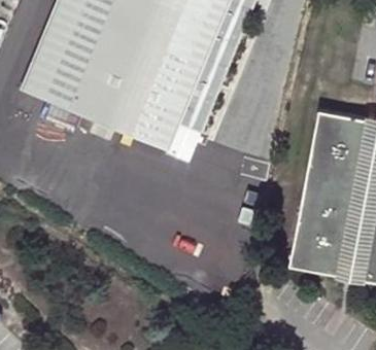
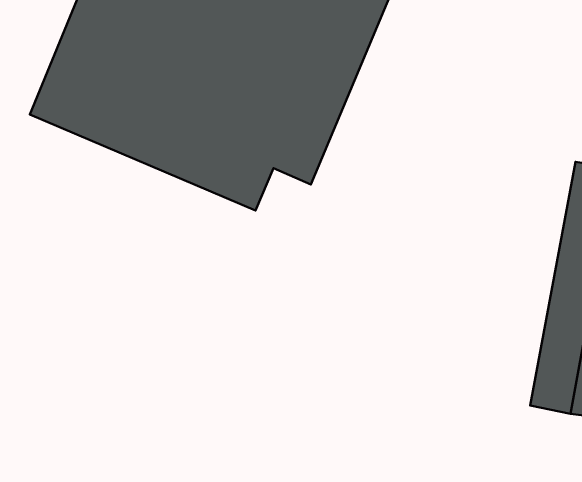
building: [292,111,368,275] -> none

